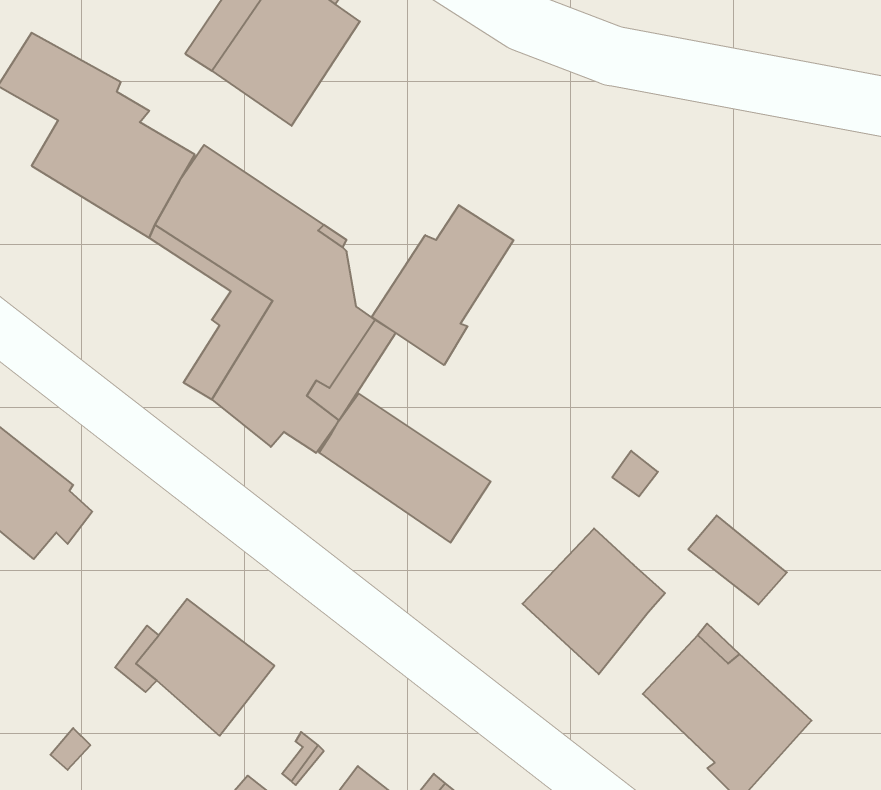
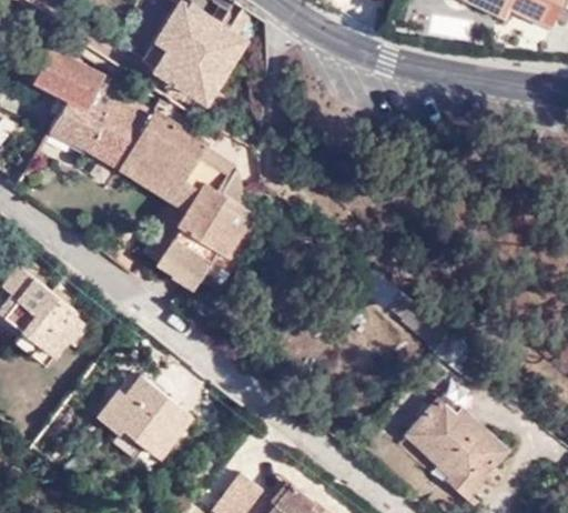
building: [372,205,513,365] -> none
building: [319,393,491,543] -> none
building: [522,528,665,674] -> none

